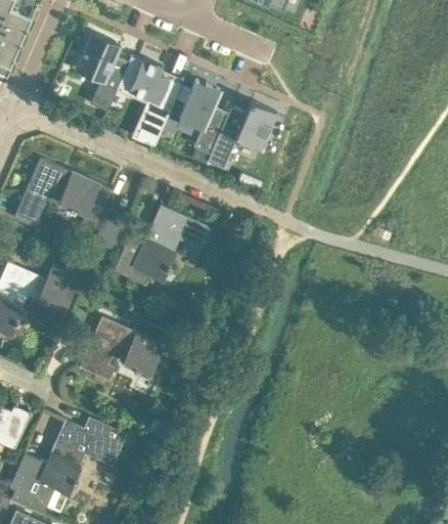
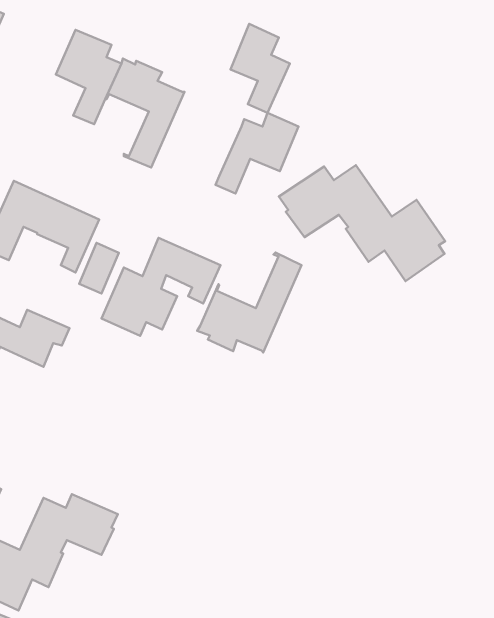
building: [179,80,228,154] -> [230,24,290,113]
building: none -> [279,165,445,281]
building: none -> [197,253,302,353]
building: [79,316,176,381] -> none

